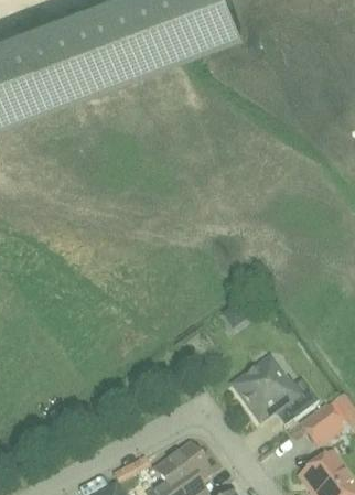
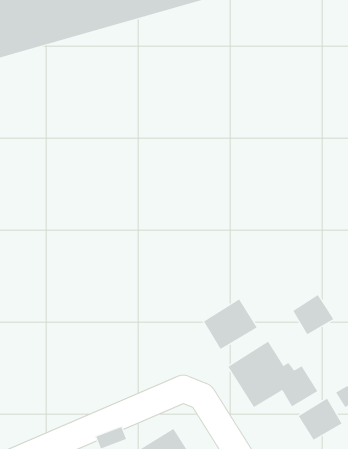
building: none -> [292,294,334,335]
building: none -> [203,298,258,350]

